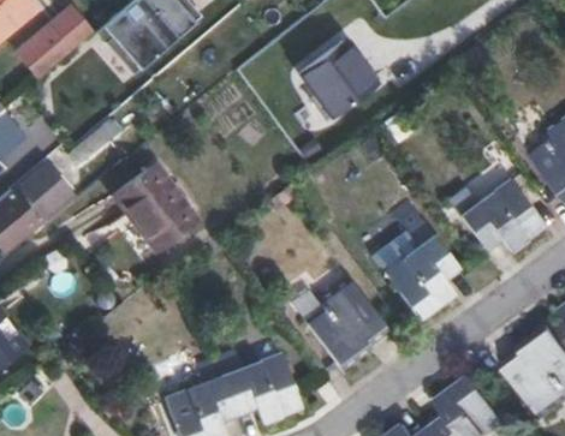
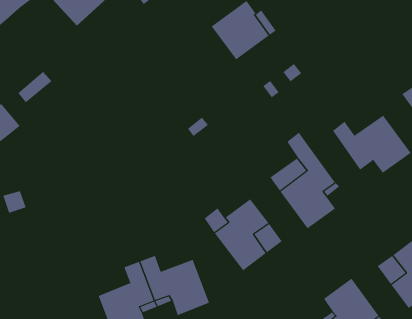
building: [114,162,197,250] -> none

